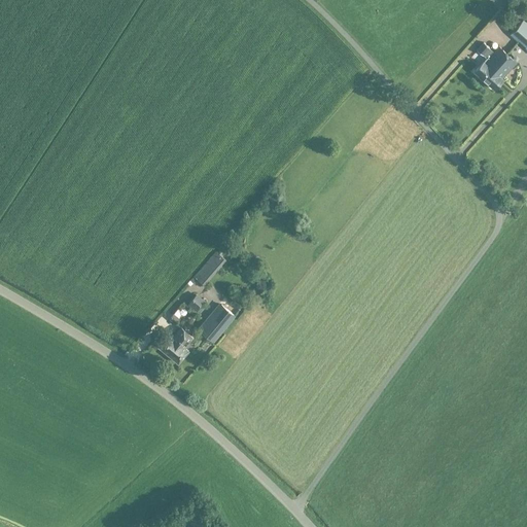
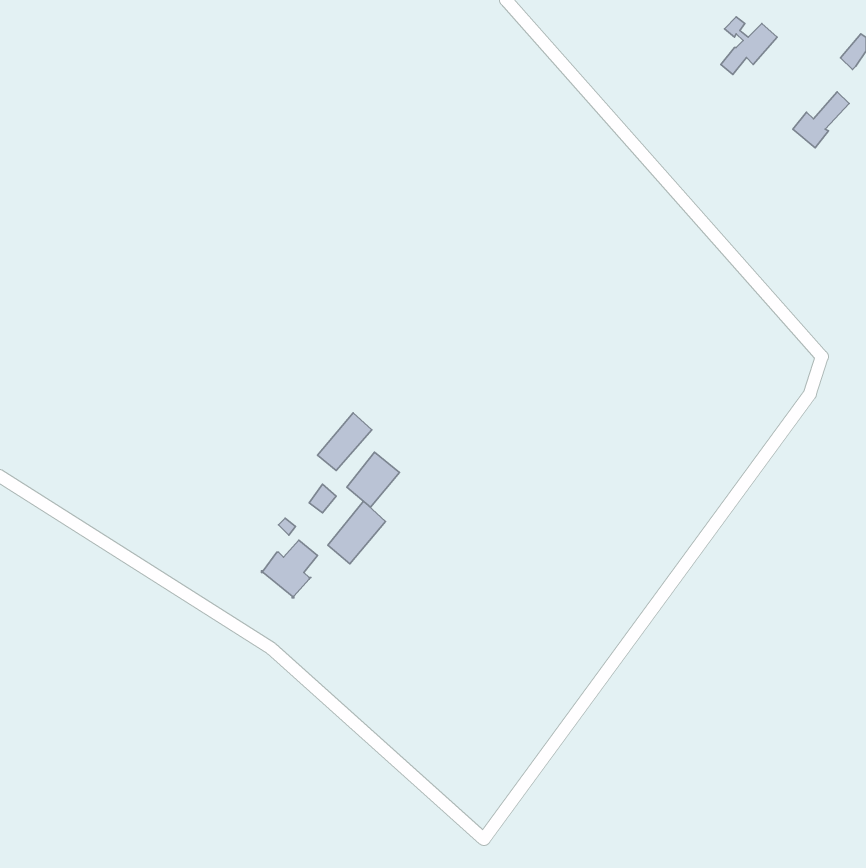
building: [473,43,507,78] -> [721,17,777,75]
building: none -> [347,452,400,507]

